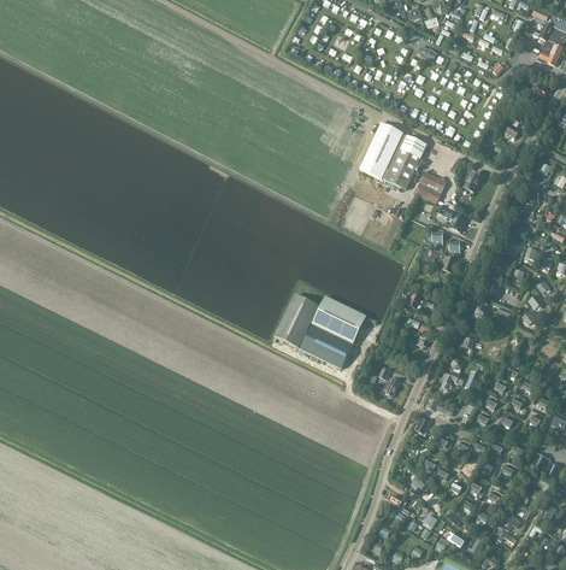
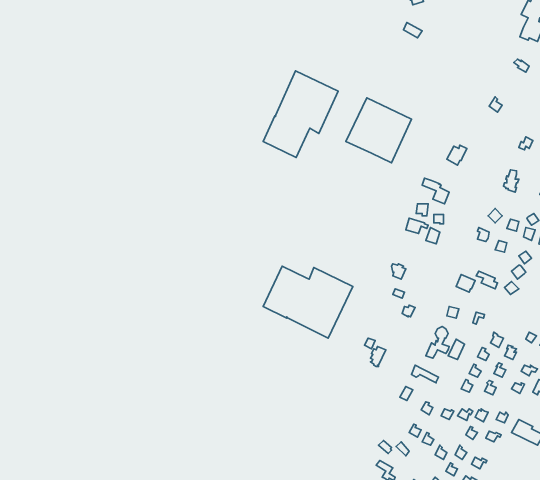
building: none -> [263,71,338,157]
building: [414,171,447,204] -> none

